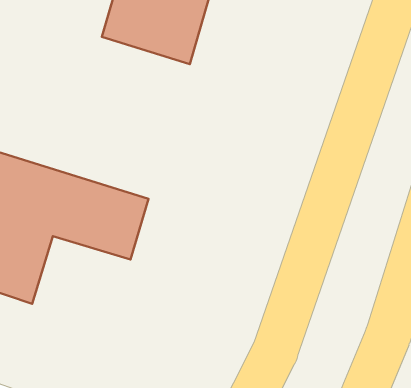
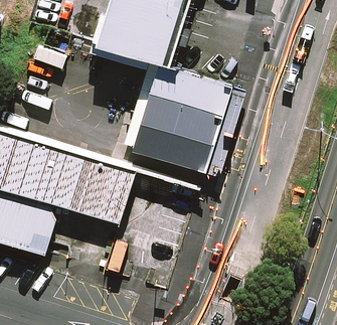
building: none -> [131,68,230,169]

